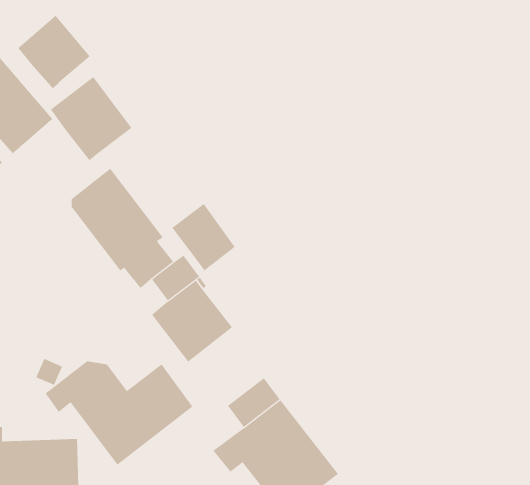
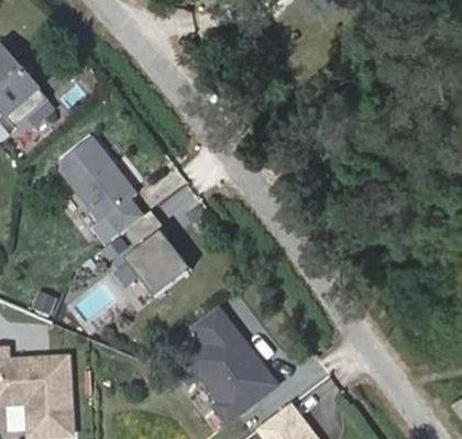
building: [17,15,91,89] -> none
building: [50,76,132,161] -> none
building: [45,361,193,465] -> none

